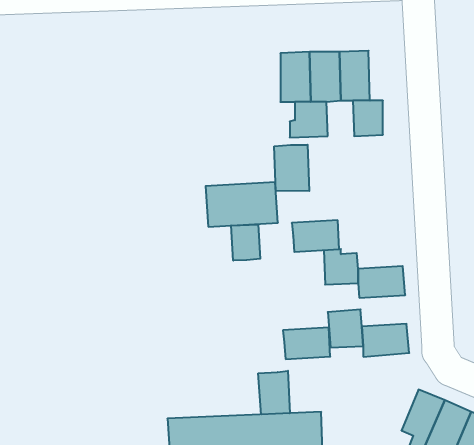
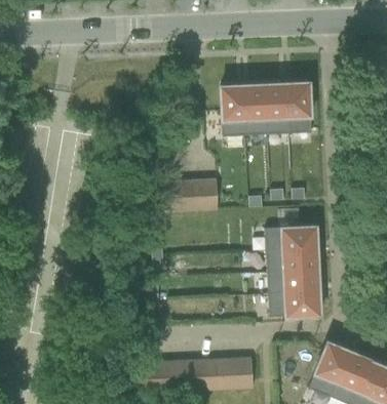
building: none -> [289,76,314,115]
building: [274,145,309,191] -> none
building: [292,220,339,252] -> [279,221,316,246]
building: [231,225,260,261] -> none
building: [283,328,330,359] -> [282,267,319,291]
building: [258,371,290,414] -> none

